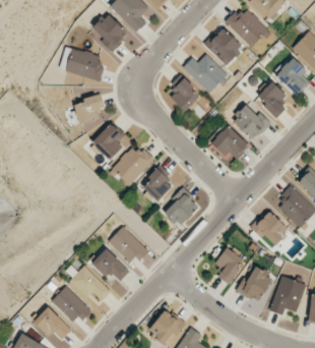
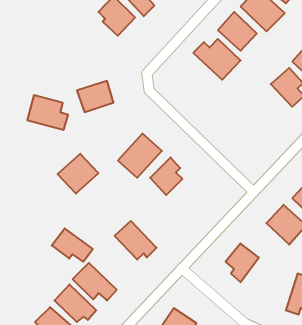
building: [66,48,105,80] -> [27,95,68,130]
building: [169,78,201,110] -> none
building: [233,104,269,139] -> none
building: [91,122,130,160] -> [58,154,98,194]
building: [211,125,250,159] -> none
building: [165,188,200,227] -> none
building: [92,249,131,281] -> [52,228,93,262]
building: [239,265,273,302] -> none

